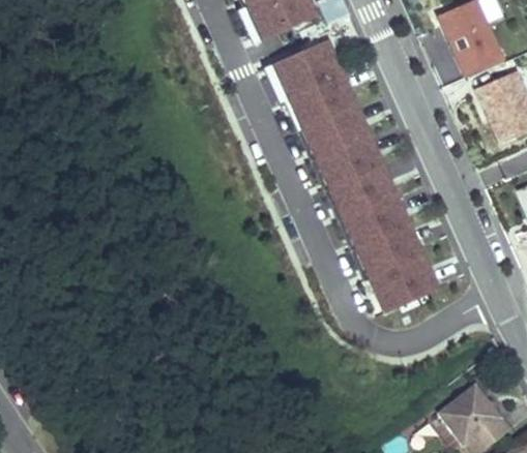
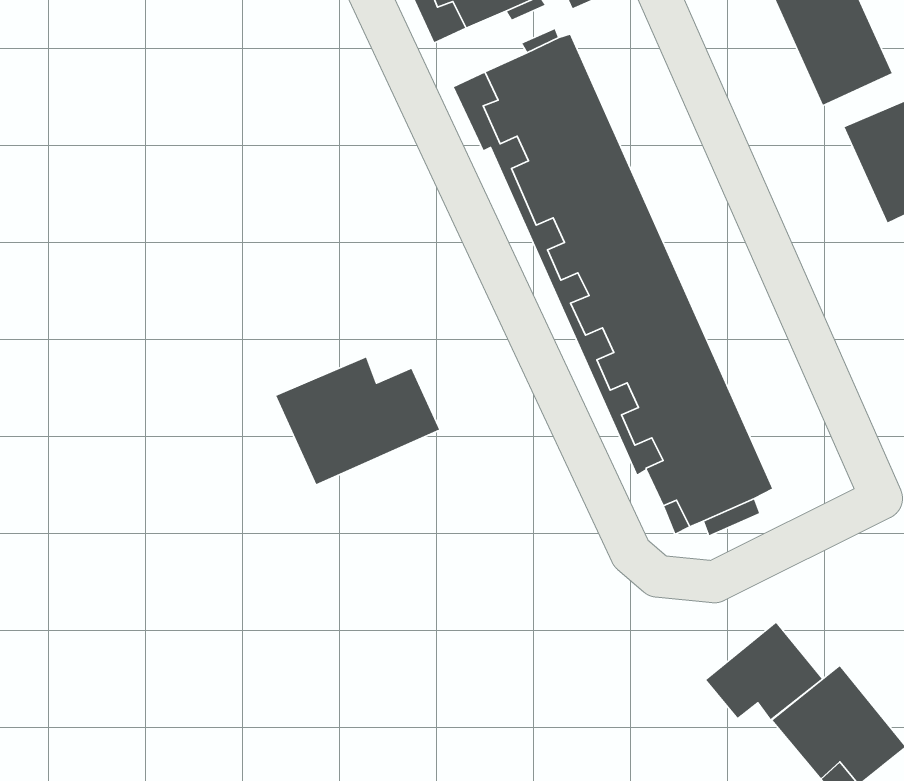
building: none -> [275,356,440,485]
building: none -> [705,622,823,720]

